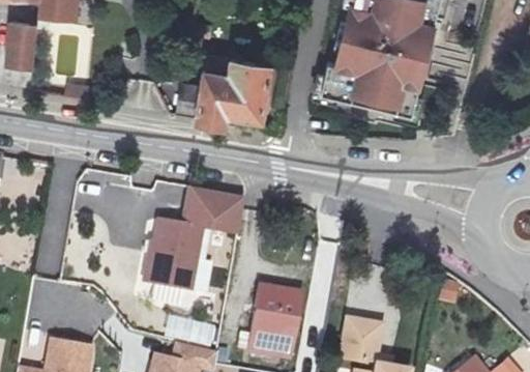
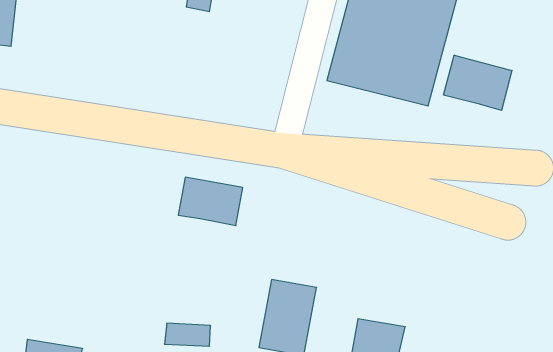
building: [177,55,271,124] -> none
building: none -> [444,55,512,110]
building: [141,219,204,291] -> none

